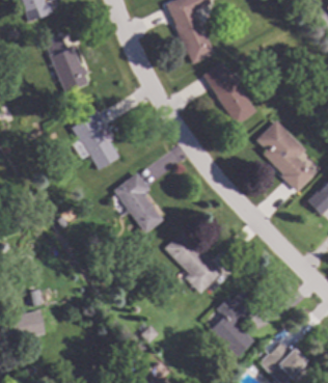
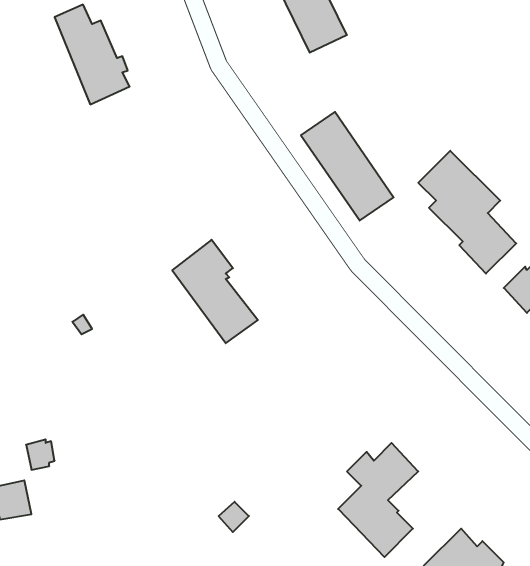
building: [202,61,256,125] -> [301,112,394,221]
building: [72,111,119,169] -> none
building: [165,230,222,293] -> none

